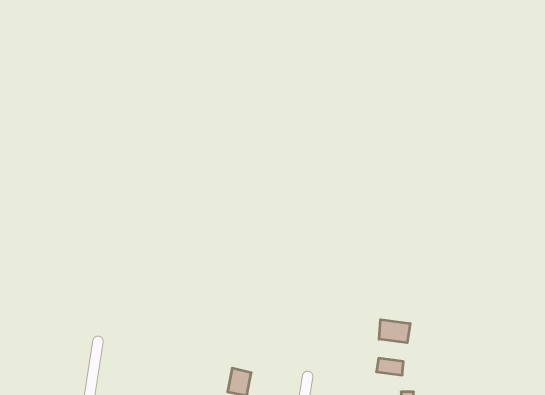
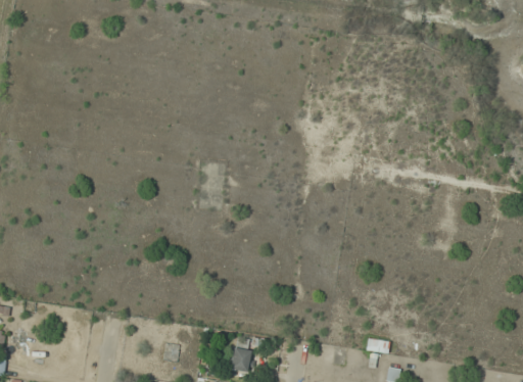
building: [379,320,410,343] -> none

